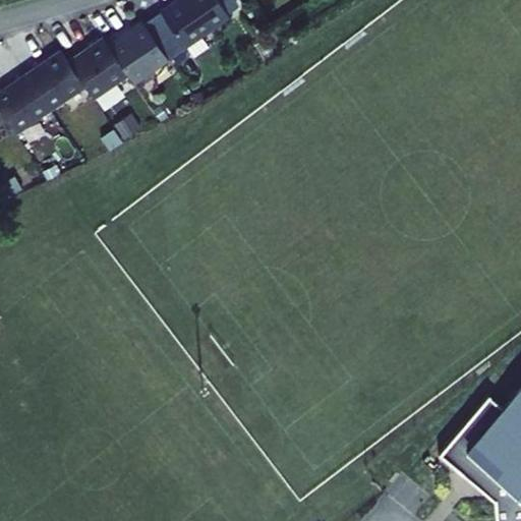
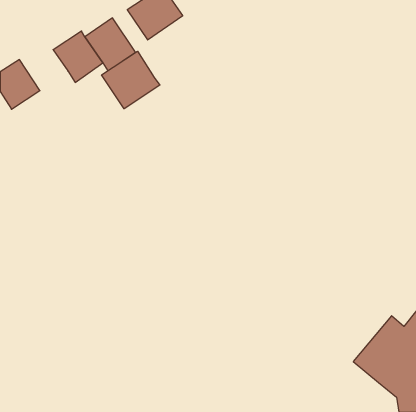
building: [25,51,85,113] -> none
building: none -> [102,51,160,109]

